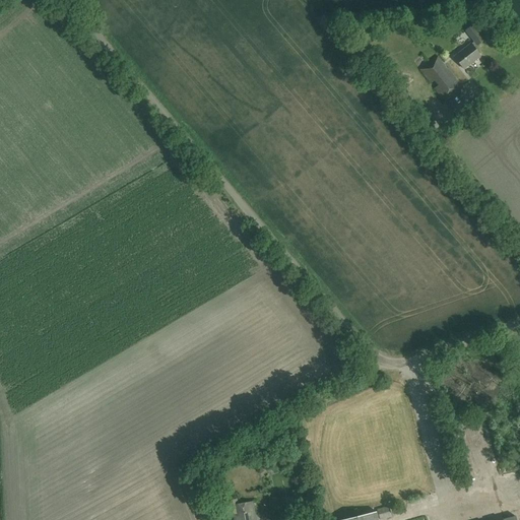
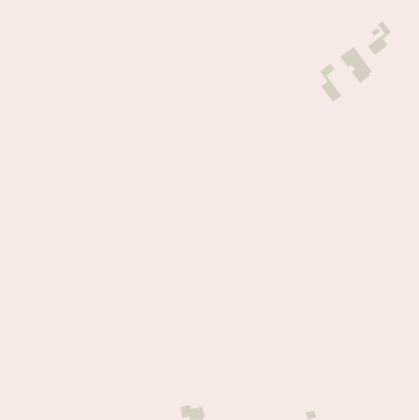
building: none -> [319,63,342,103]

